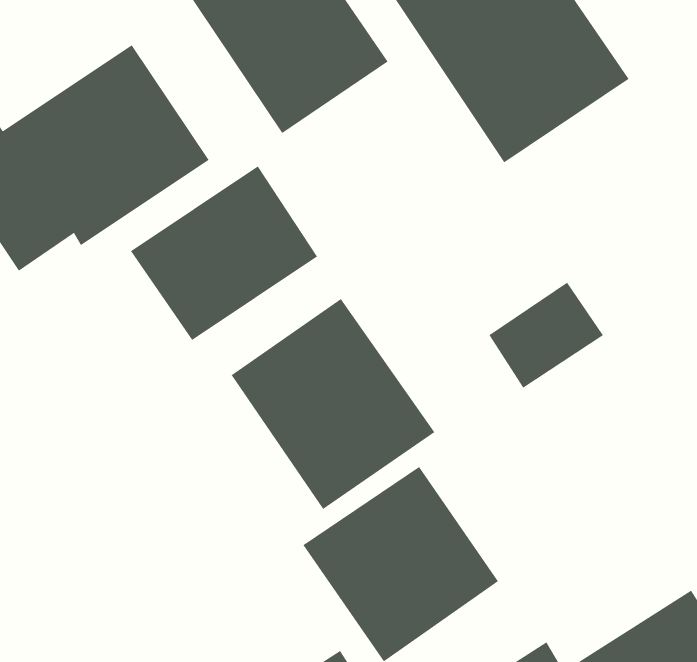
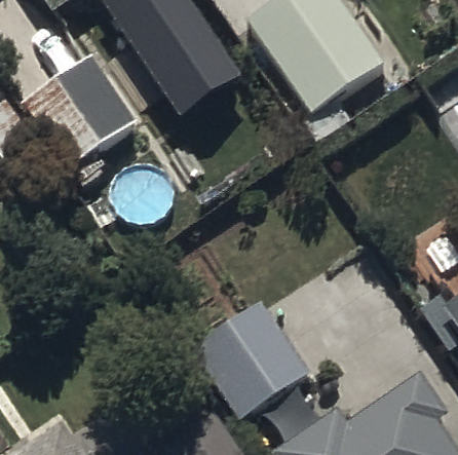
building: [130,166,318,341] -> none
building: [231,298,435,510] -> none

